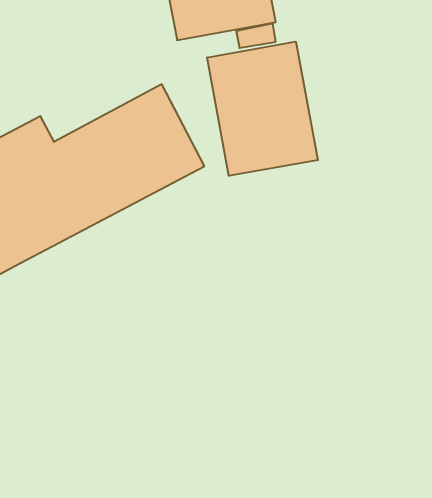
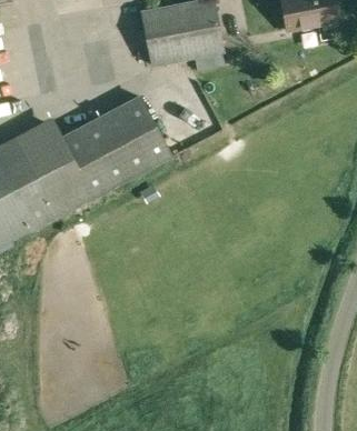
building: [207,42,318,176] -> none

